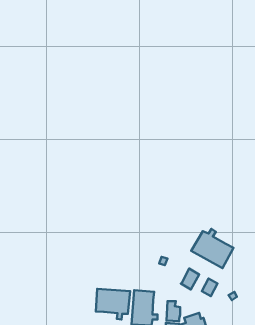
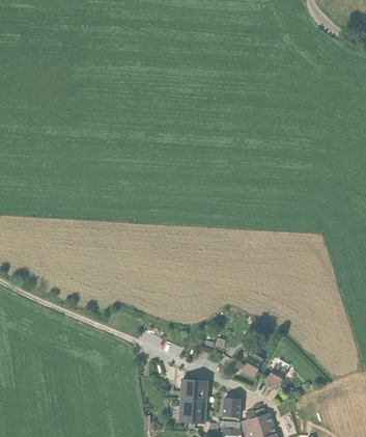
building: [191,229,234,268] -> none
building: [96,289,130,320] -> none

